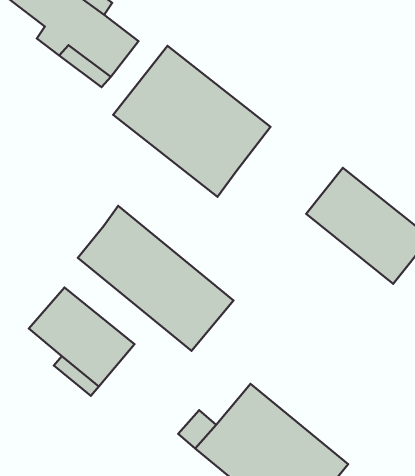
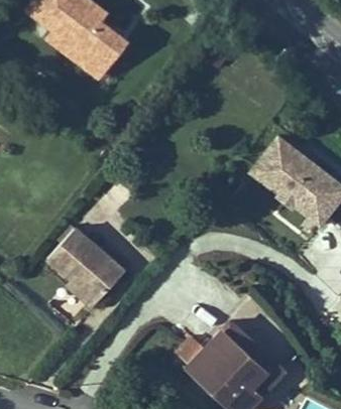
building: [113,46,270,197] -> none
building: [78,206,233,351] -> none

